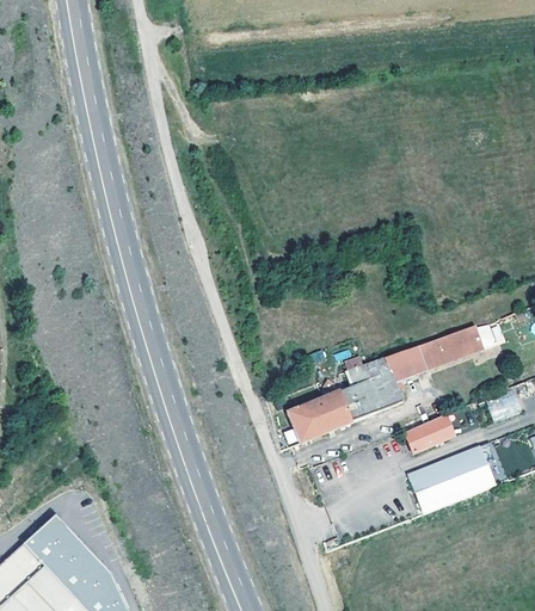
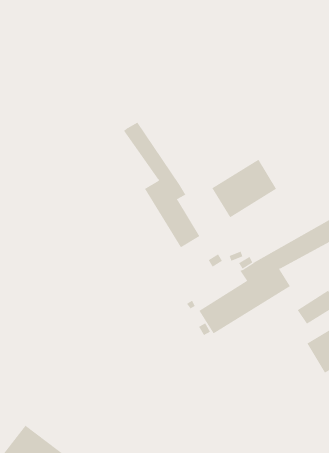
building: none -> [123,122,200,248]
building: none -> [212,159,277,218]

